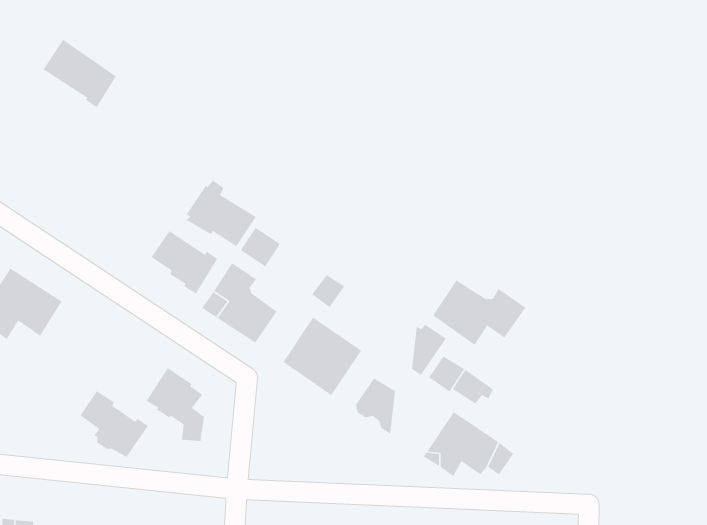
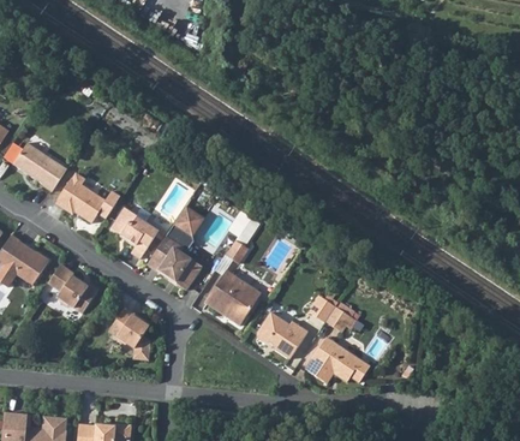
building: [43,39,117,108] -> [13,142,66,191]
building: [186,179,257,247] -> [56,174,107,222]
building: [432,280,527,346] -> none
building: [411,323,447,376] -> [281,321,306,358]
building: [79,390,149,458] -> [48,263,97,311]

